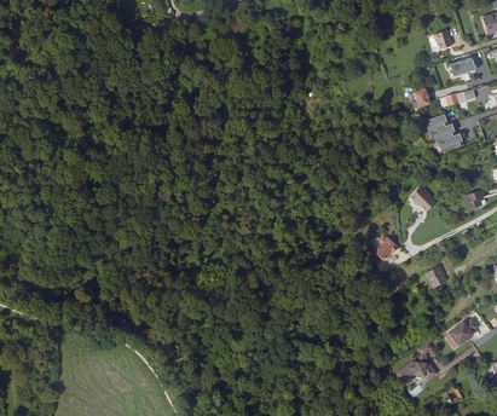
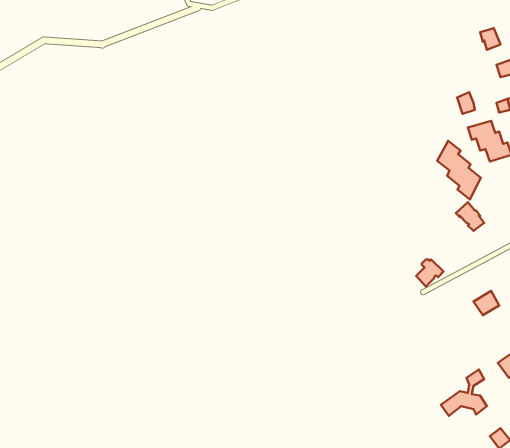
building: none -> [437,141,481,199]

